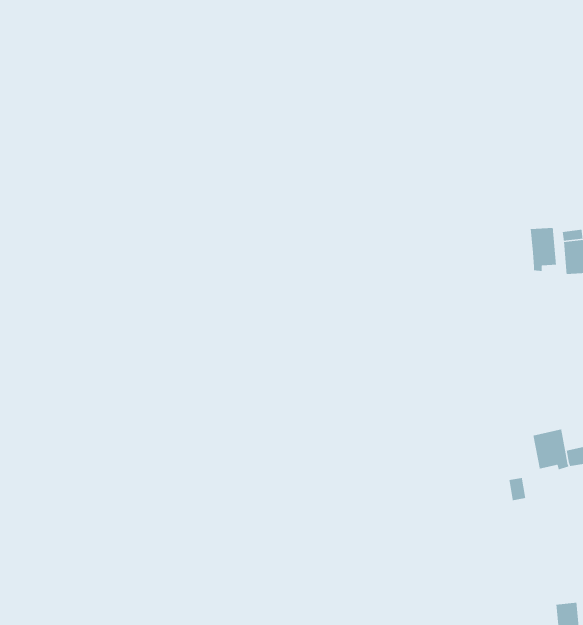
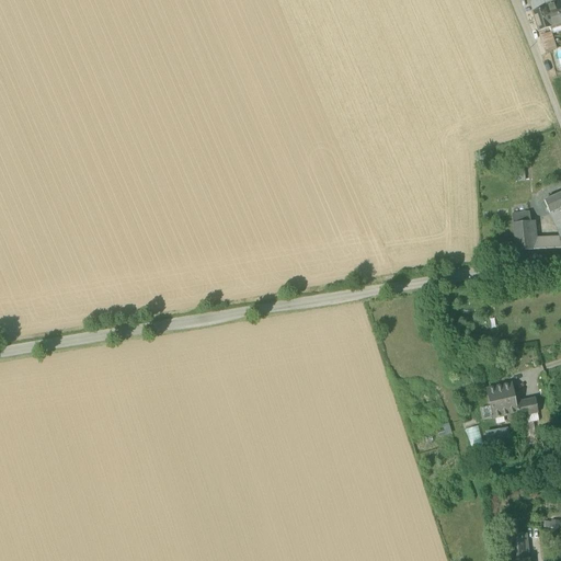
building: [530,227,557,272] -> none

